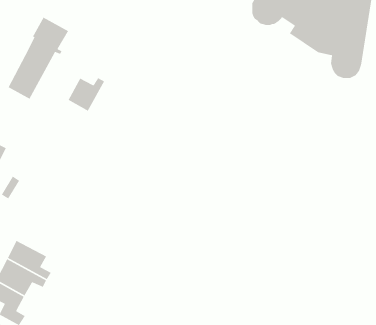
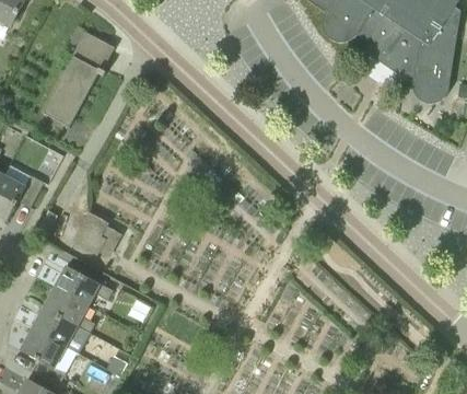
building: [68,77,105,112] -> none
building: none -> [74,212,121,256]
building: none -> [54,264,112,304]

